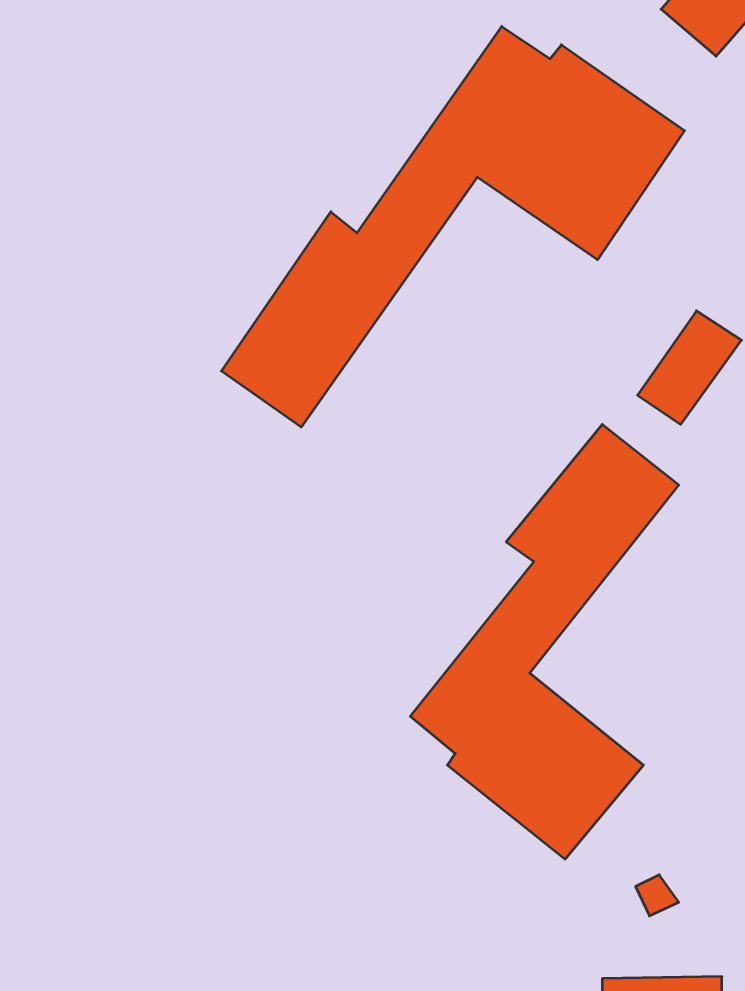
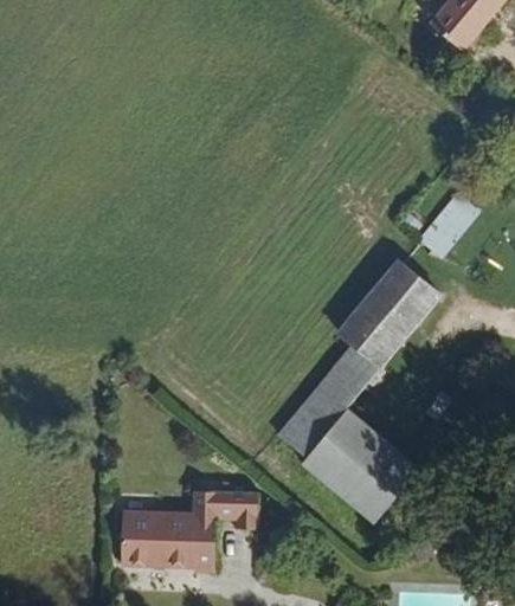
building: [221,26,685,427] -> none
building: none -> [125,494,265,582]

